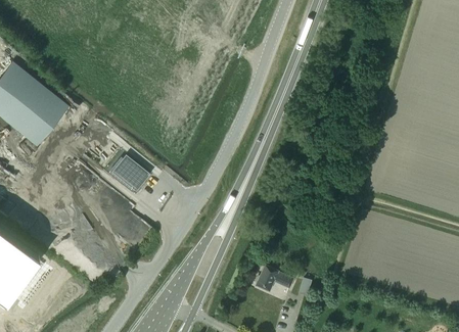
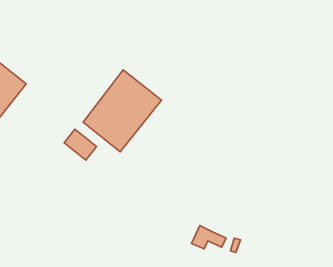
building: none -> [83,70,161,152]

